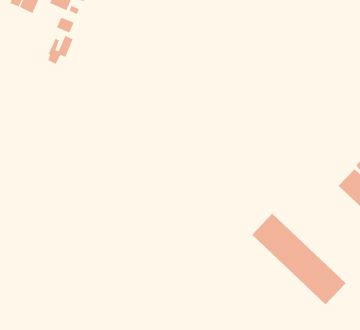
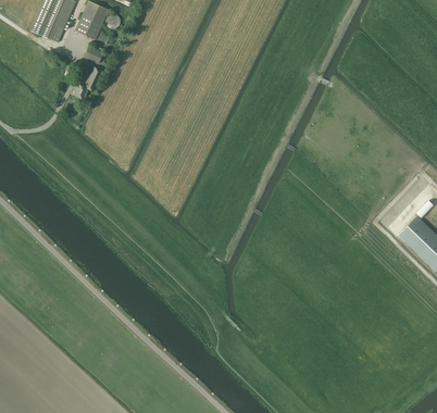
building: [251,213,346,305] -> none

